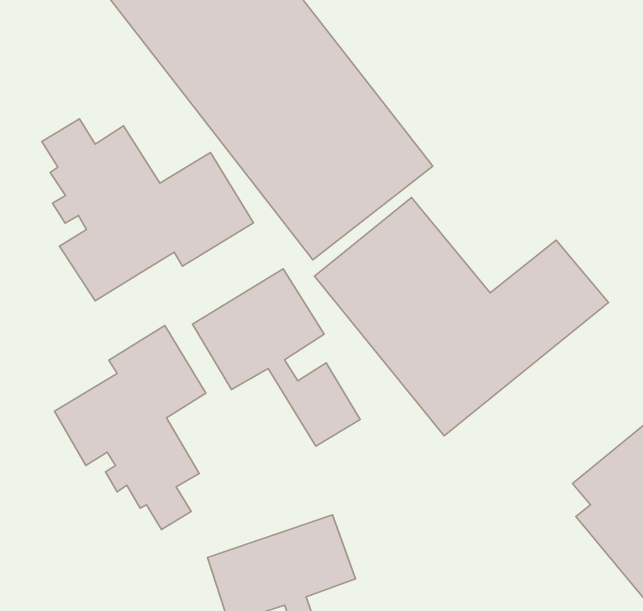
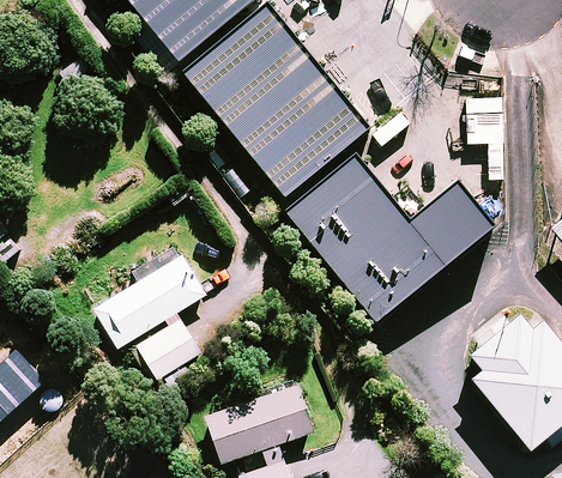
building: [42,119,254,301] -> none
building: [193,269,360,446] -> none

